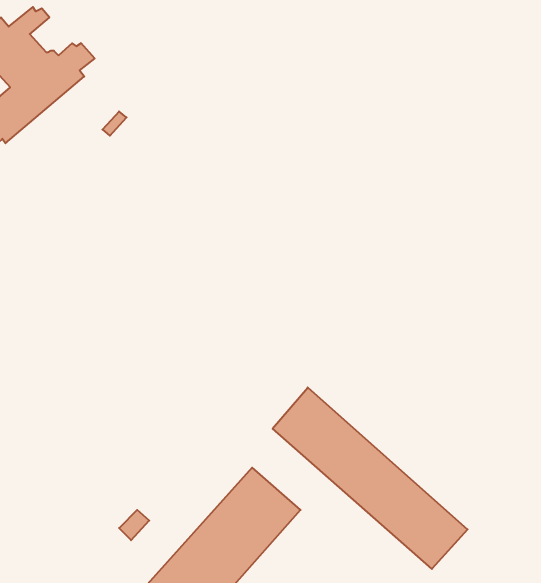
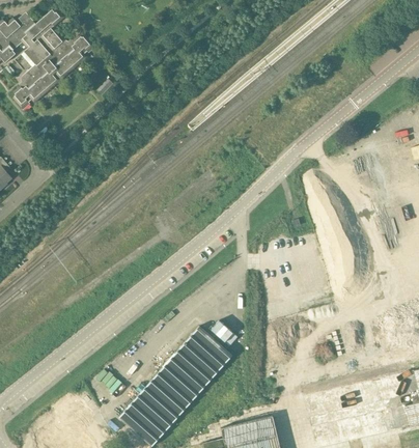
building: [273,387,468,569] -> none

